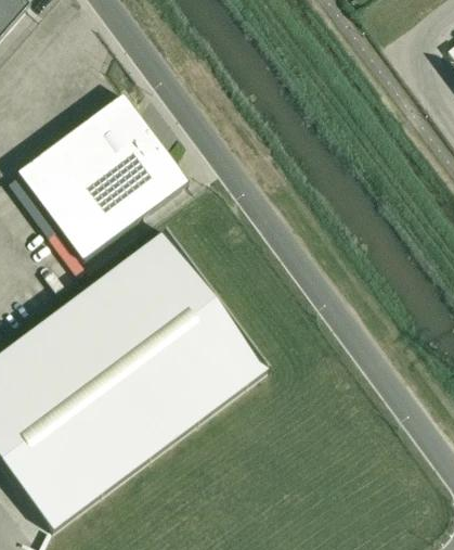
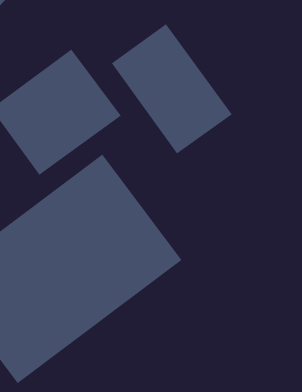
building: none -> [111,23,233,154]

